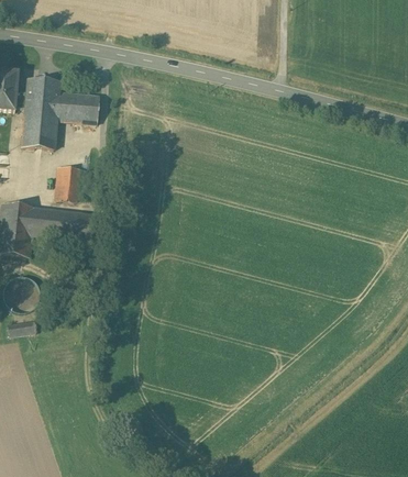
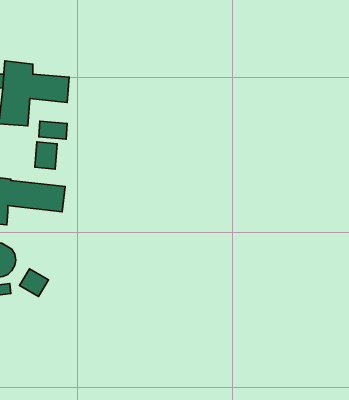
building: none -> [39,121,67,139]
building: none -> [20,269,49,297]

